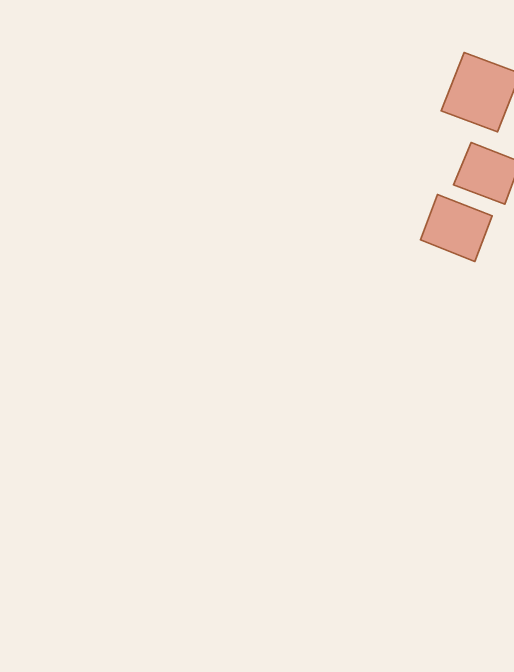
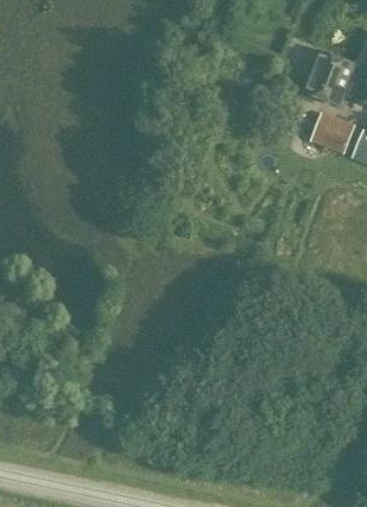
building: [420,194,492,261] -> none

